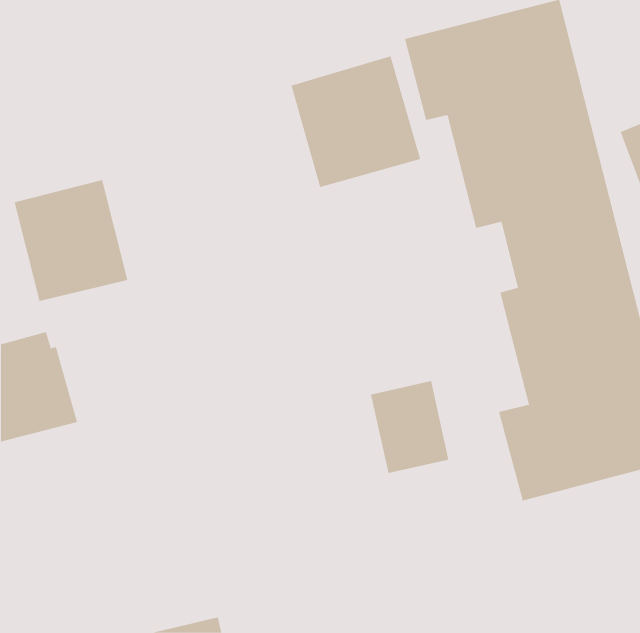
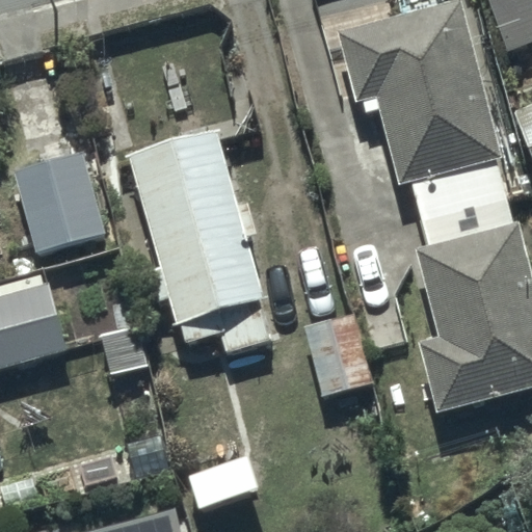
building: [291,55,421,188] -> none
building: none -> [126,132,275,352]

